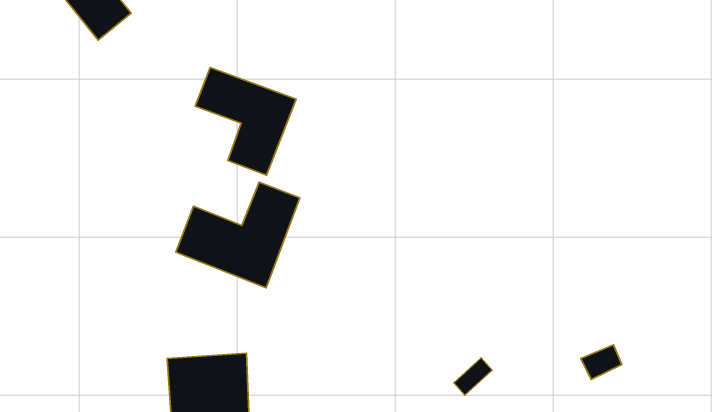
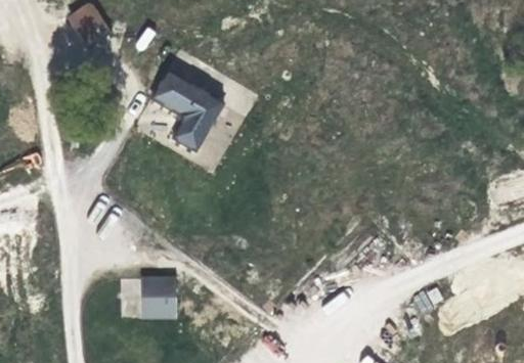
building: [176,182,300,288] -> none

